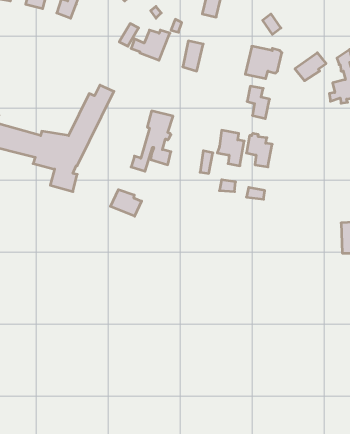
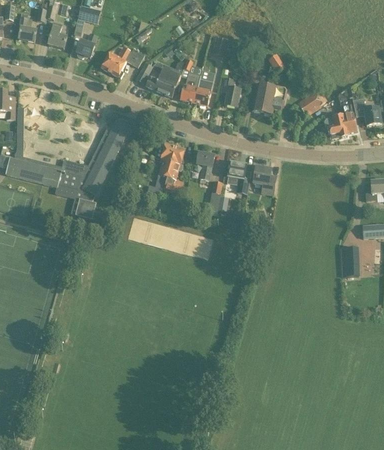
building: none -> [102,46,145,75]
building: none -> [180,72,200,102]
building: [247,86,270,119] -> [220,77,241,107]
building: none -> [196,150,215,179]
building: [110,190,142,216] -> none

